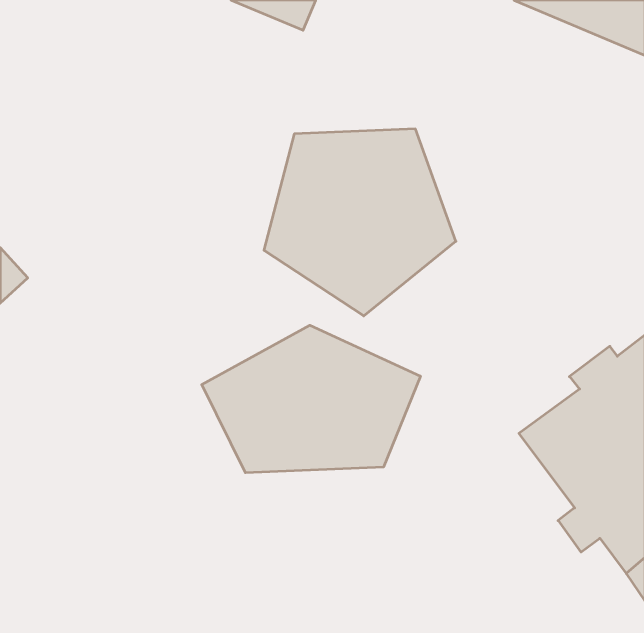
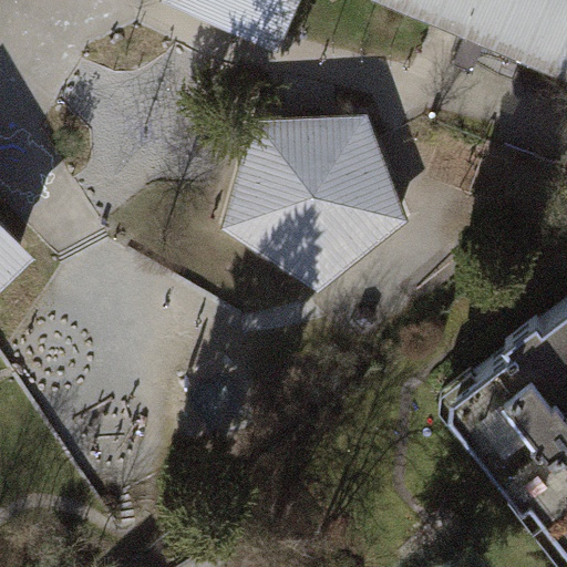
building: [202,325,420,473] -> none

